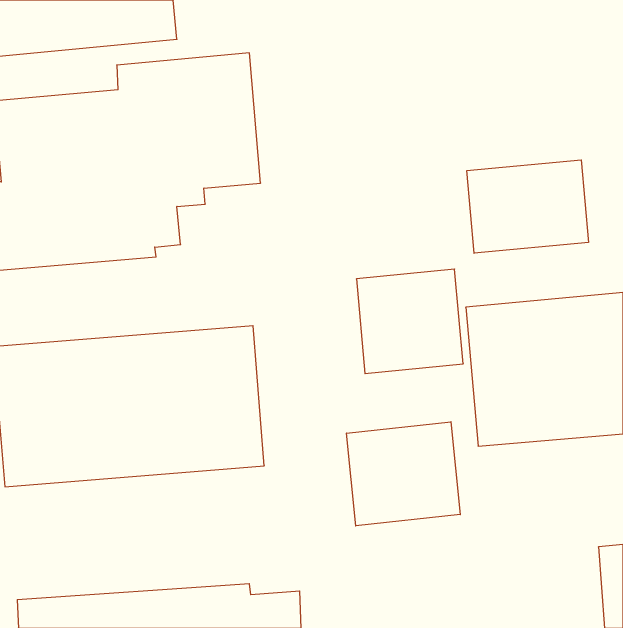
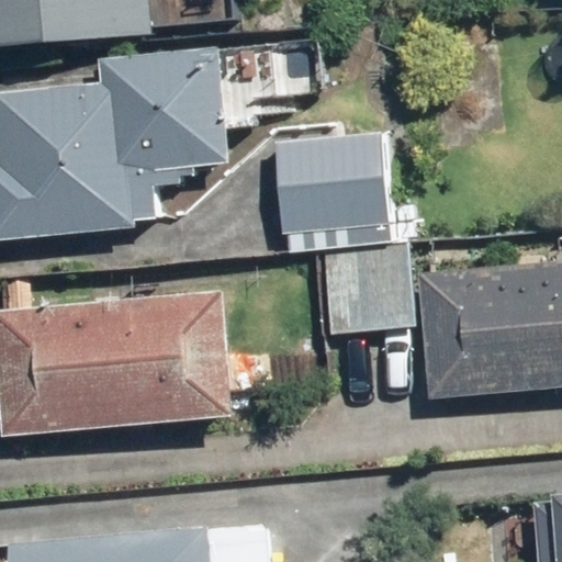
building: none -> [273,131,394,232]
building: [467,160,588,253] -> none
building: [347,422,460,526] -> none

